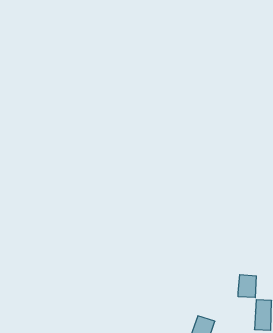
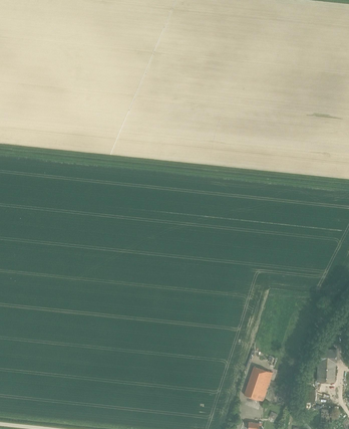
building: [238,275,256,298] -> none

